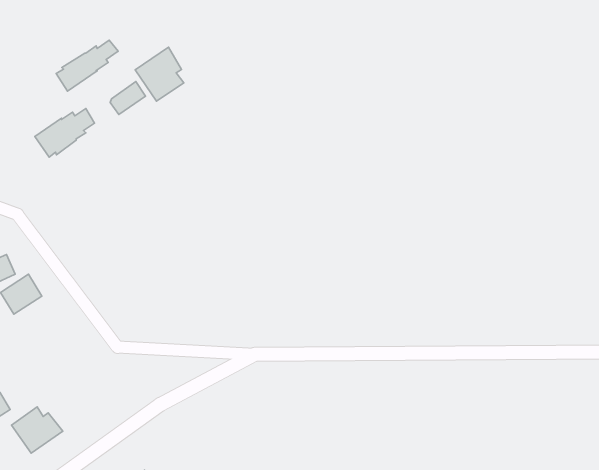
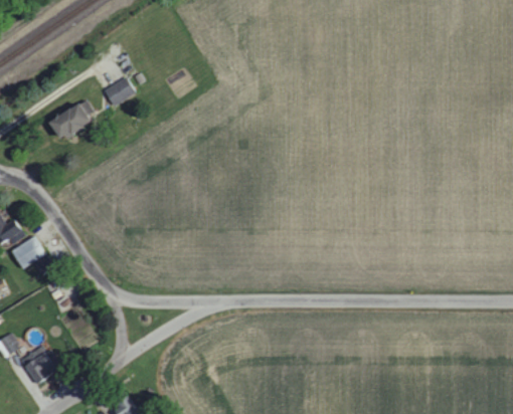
building: [56,40,118,91] -> none
building: [135,47,184,101] -> none

